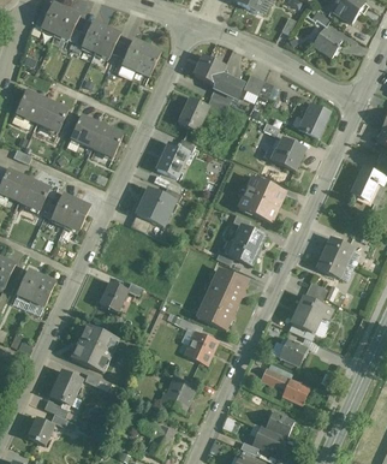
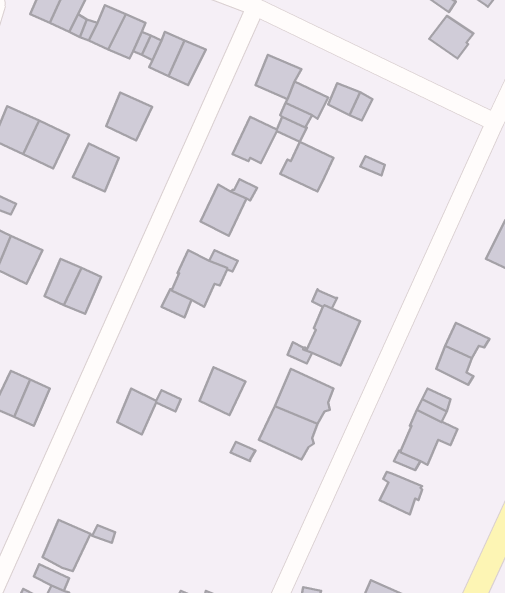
building: [298,102,329,137] -> none
building: [91,124,123,156] -> [106,93,152,140]
building: [269,137,305,171] -> [280,142,333,191]
building: [238,176,285,220] -> none
building: [71,323,117,371] -> none
building: [185,331,216,363] -> [199,367,245,415]
building: [267,370,308,404] -> none
building: [163,376,195,412] -> none

